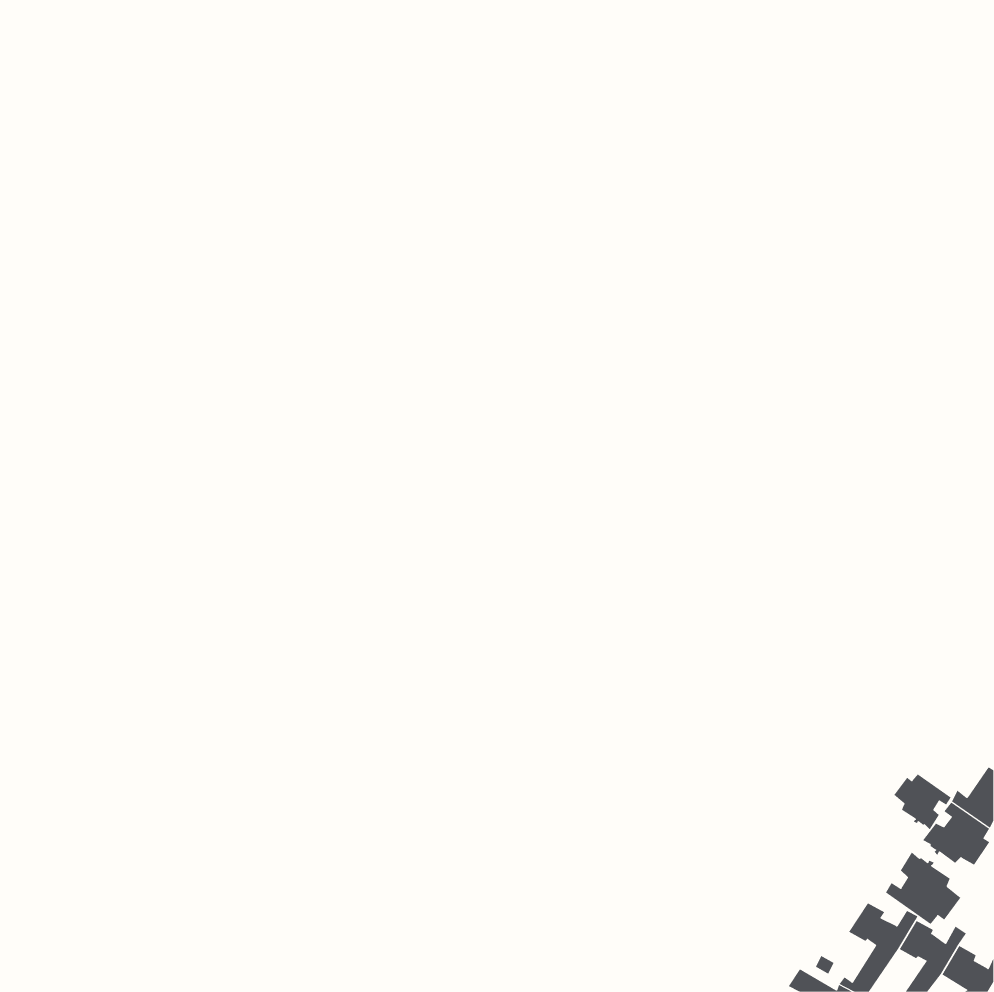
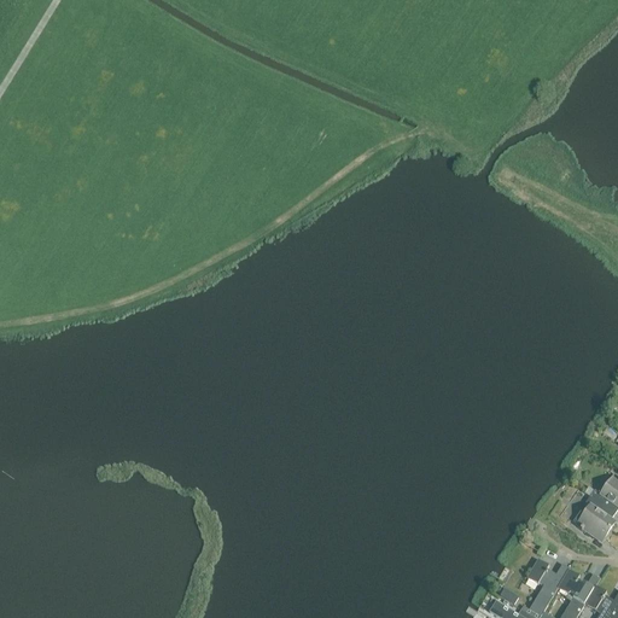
building: [894,773,951,830] -> none
building: [885,851,961,925] -> none

